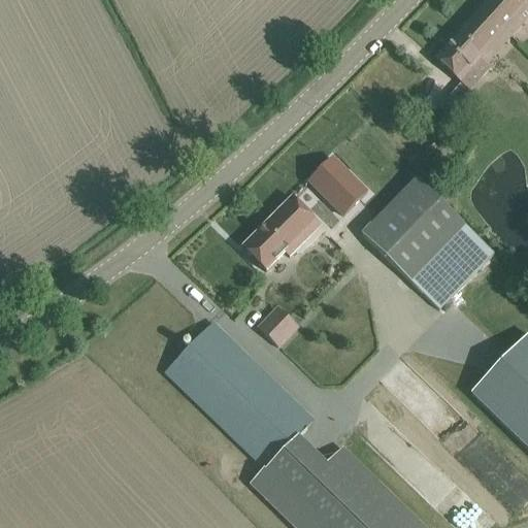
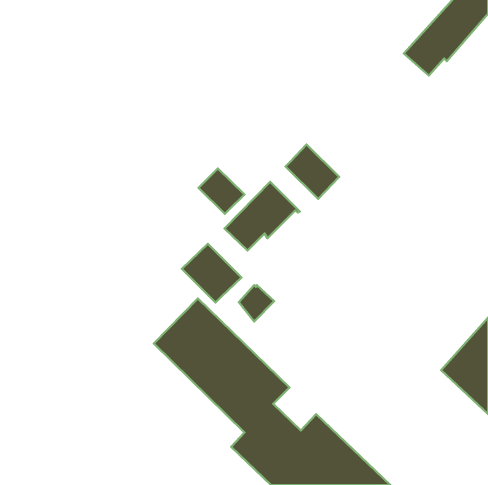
building: [362,178,492,308] -> none
building: none -> [198,169,244,214]
building: none -> [182,244,241,303]

